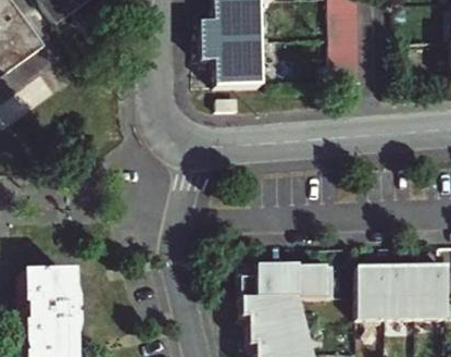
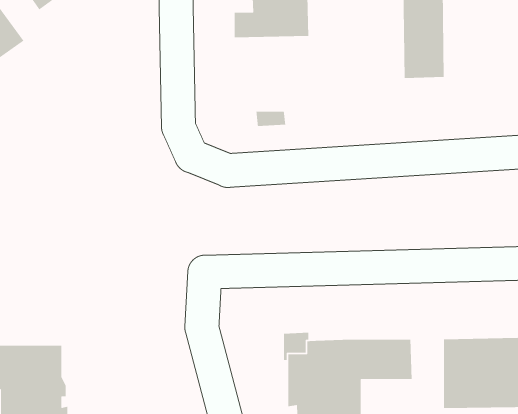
building: [203,40,260,84] -> none

